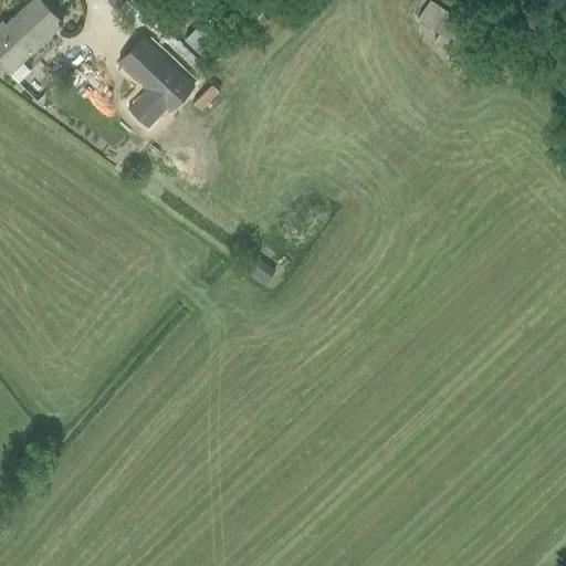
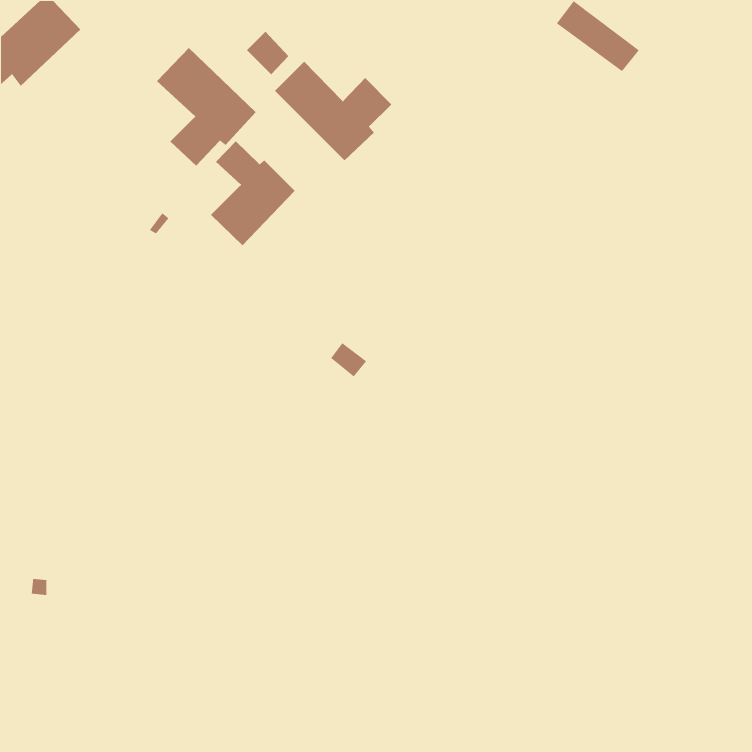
building: none -> [274,61,392,161]
building: none -> [210,140,296,246]

